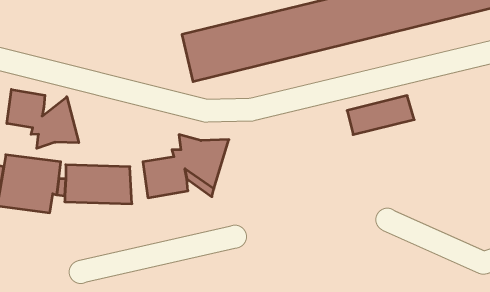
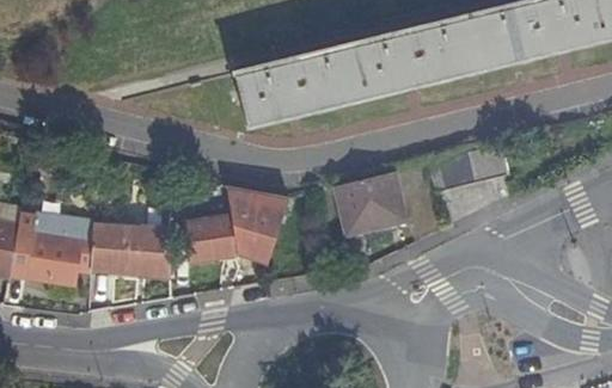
building: [7,89,79,148] -> none
building: none -> [338,177,405,235]

